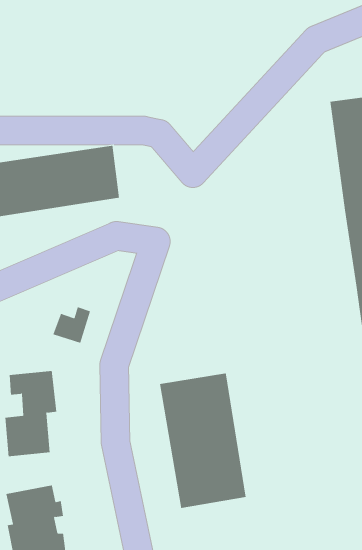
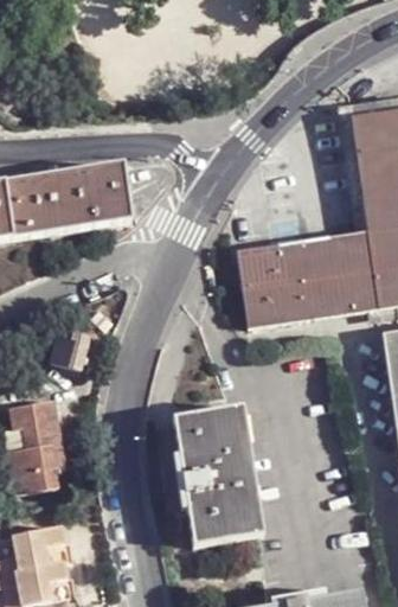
building: none -> [236,231,378,326]

